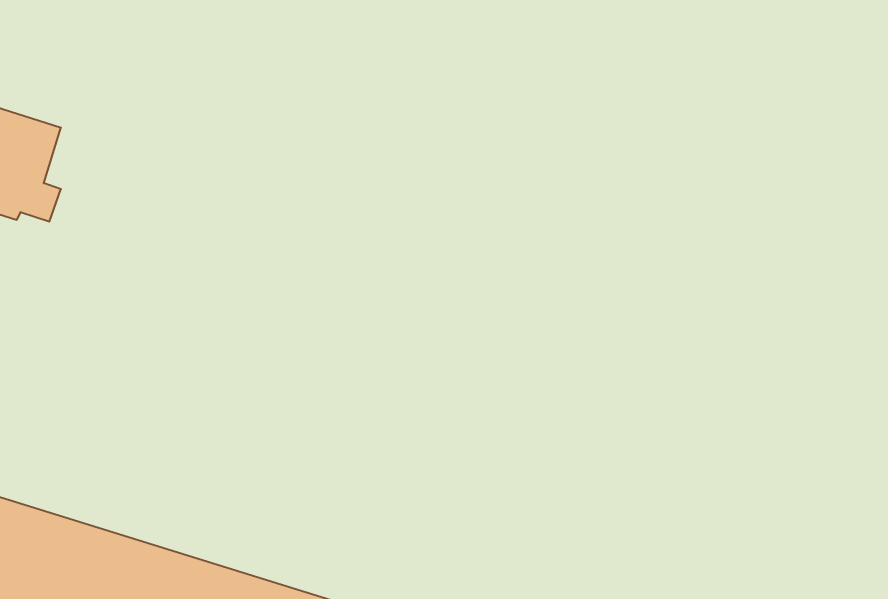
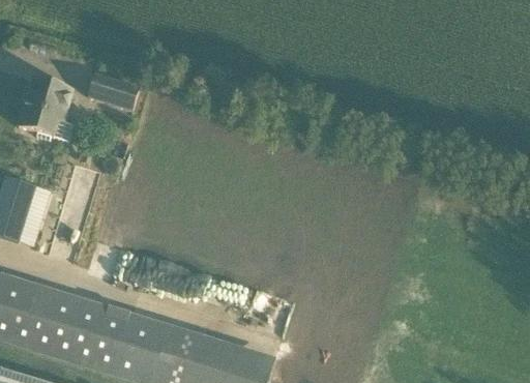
building: none -> [89,73,139,110]

